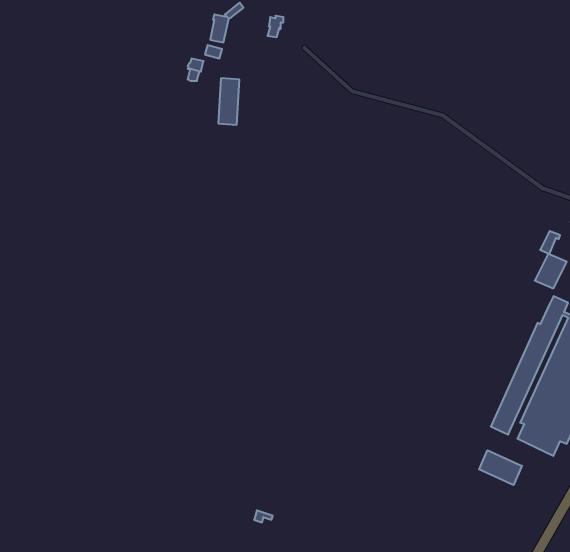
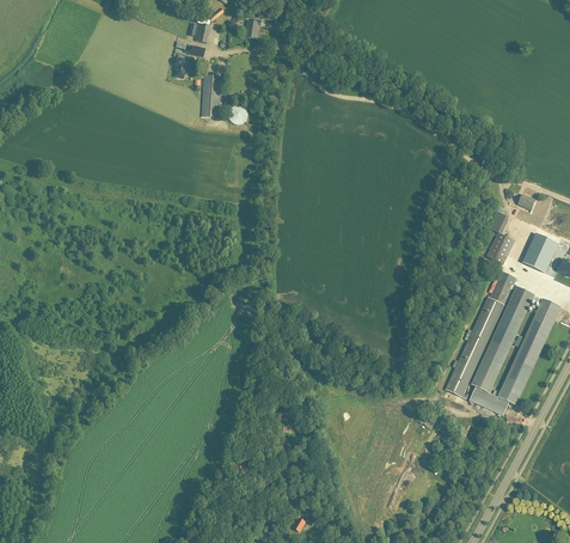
building: [479,450,522,485] -> none

